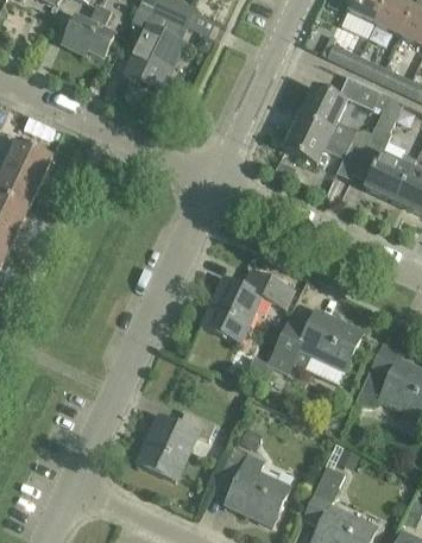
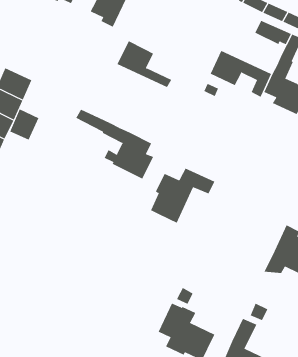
building: [297,86,370,147] -> [117,41,172,88]
building: none -> [10,108,39,140]
building: none -> [76,109,154,179]
building: [267,309,363,373] -> none
building: [136,409,215,480] -> none

